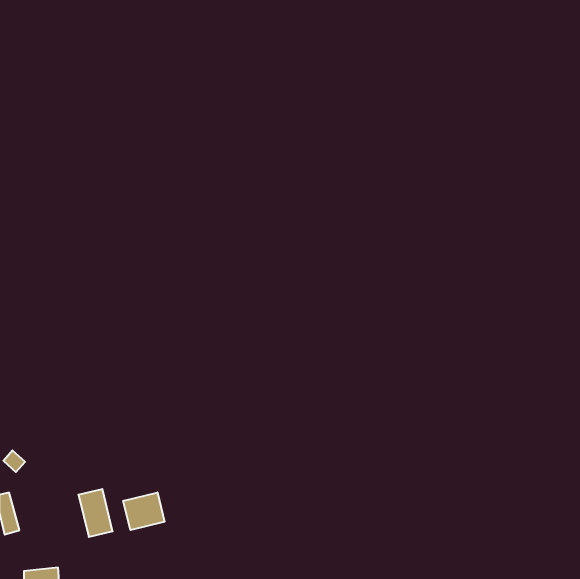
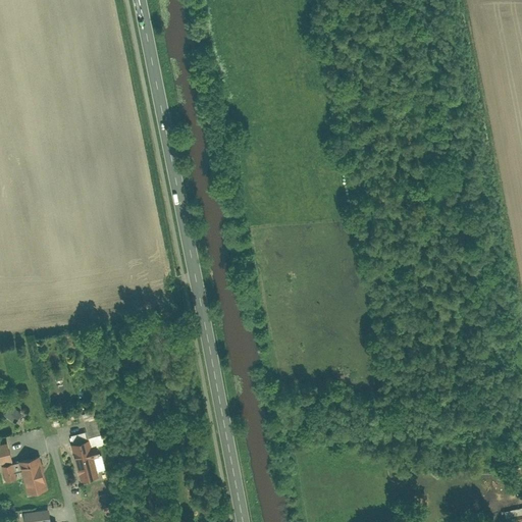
building: [123,492,165,530] -> none
building: none -> [17,457,47,497]

